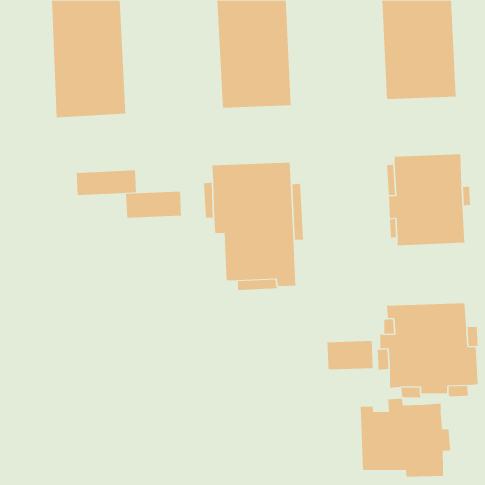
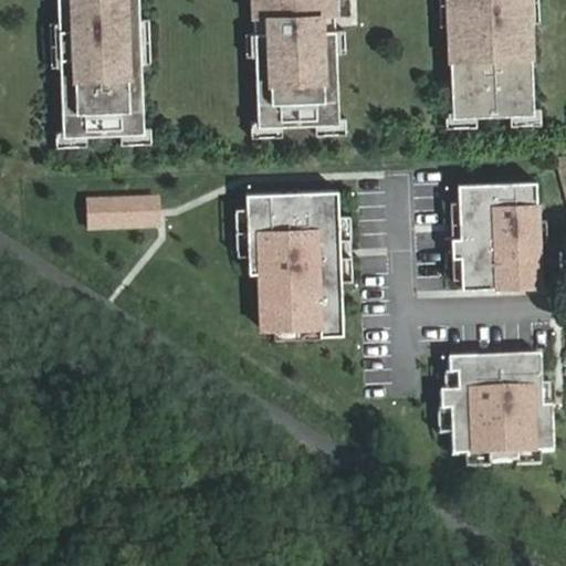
building: [126,191,182,219] -> none
building: [327,340,373,370] -> none
building: [360,398,451,478] -> none

